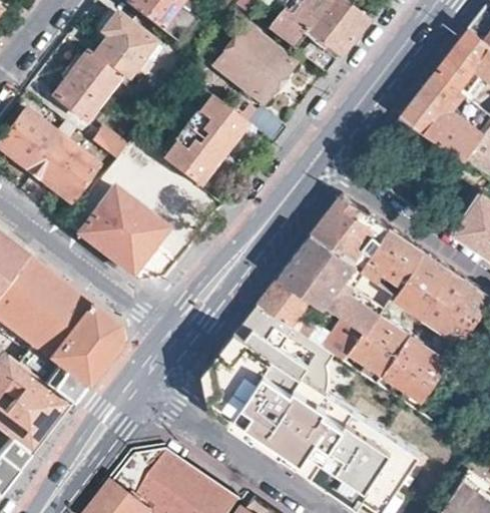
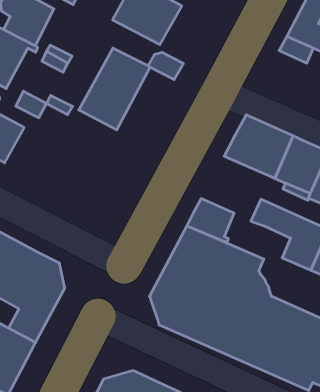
building: [78,187,166,275] -> none
building: [279,235,359,312] -> none
building: [324,320,369,366] -> none

